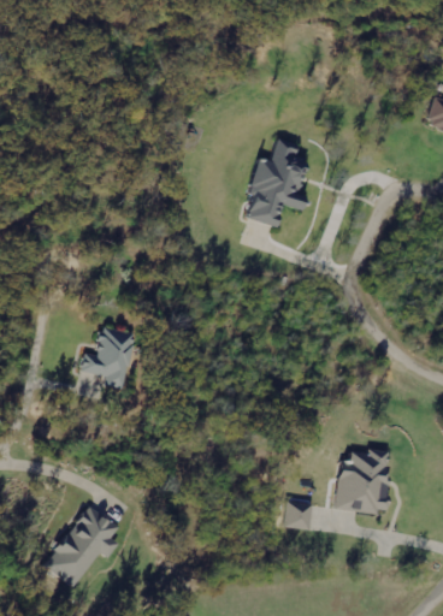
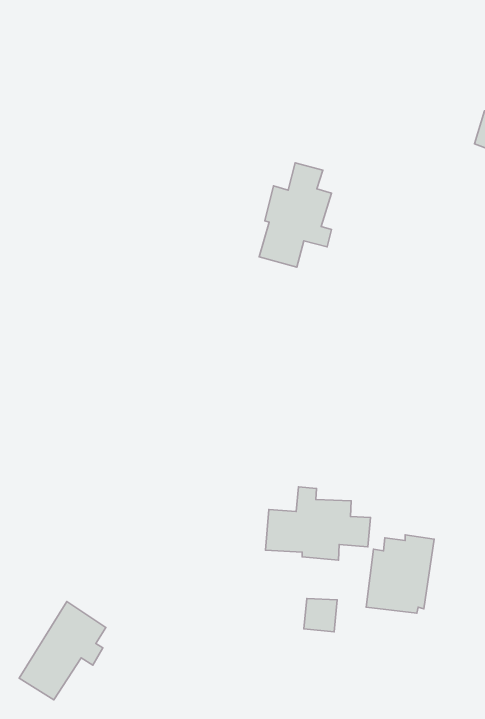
building: [79,322,137,389] -> none
building: none -> [266,487,370,560]

